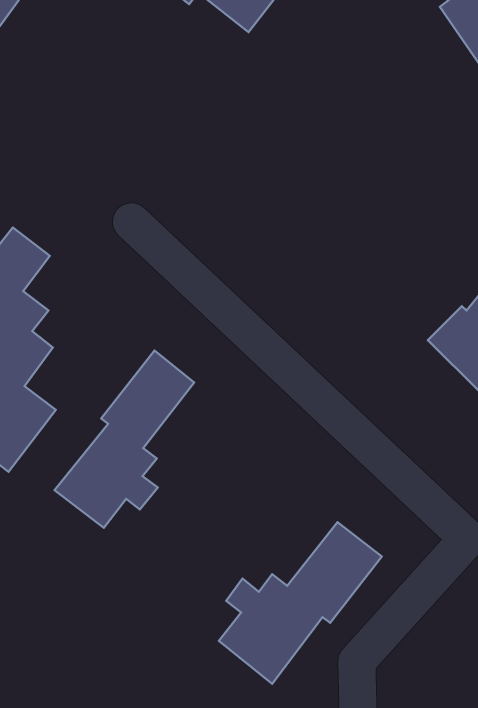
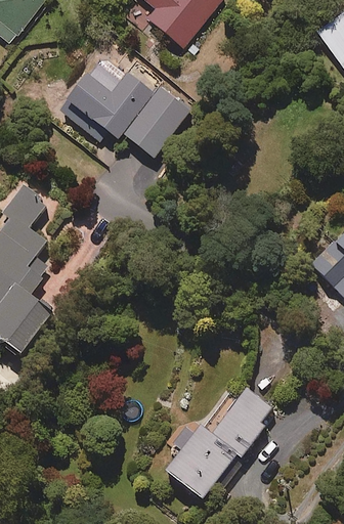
building: none -> [63,72,190,157]
building: [54,351,194,528] -> none

